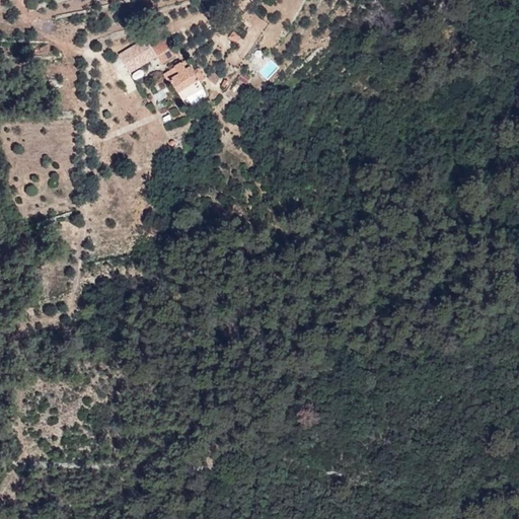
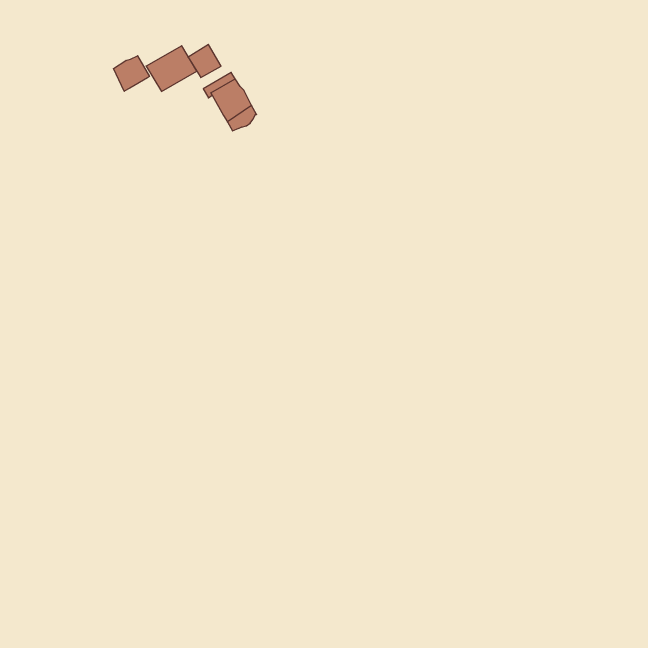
building: none -> [113,56,149,91]

